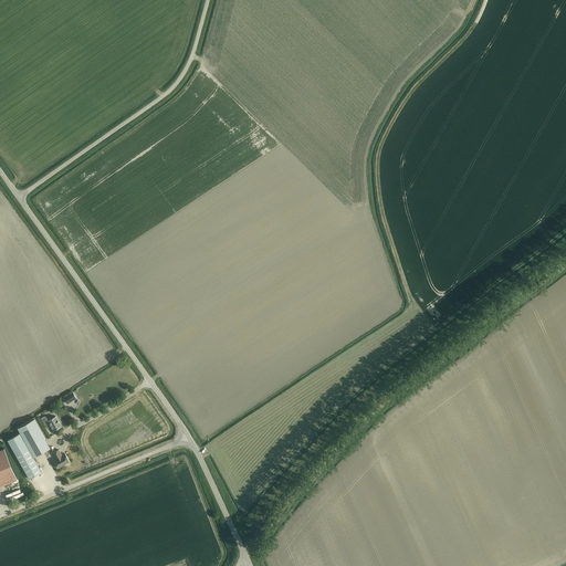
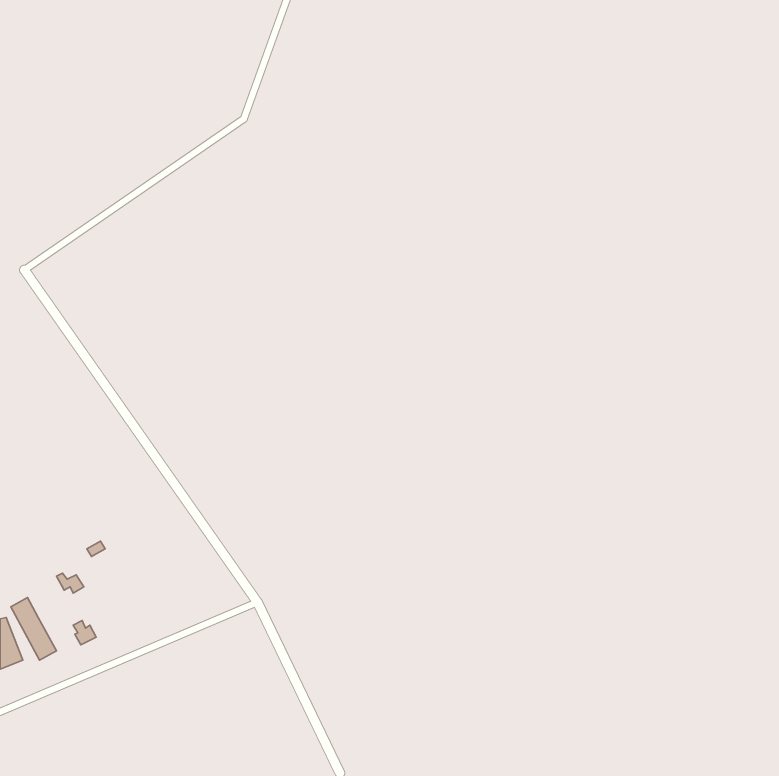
building: [17,419,45,450] -> none

